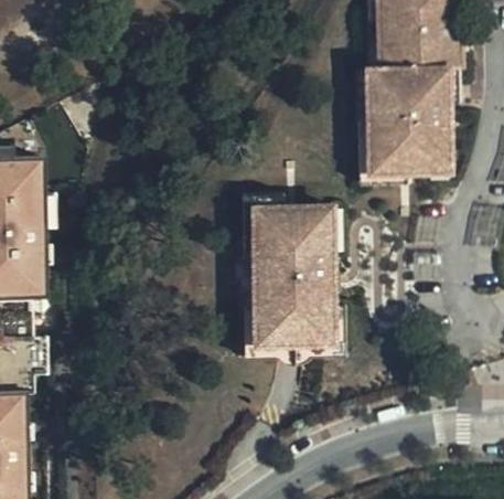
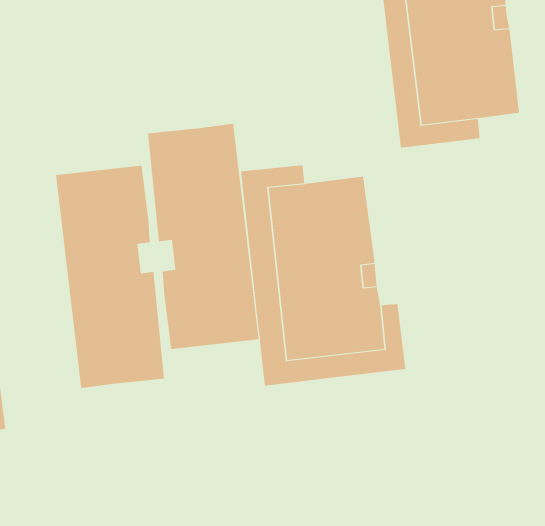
building: none -> [148,123,259,350]
building: none -> [56,165,164,389]

